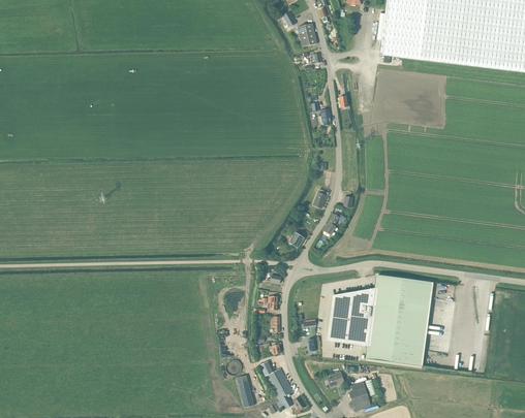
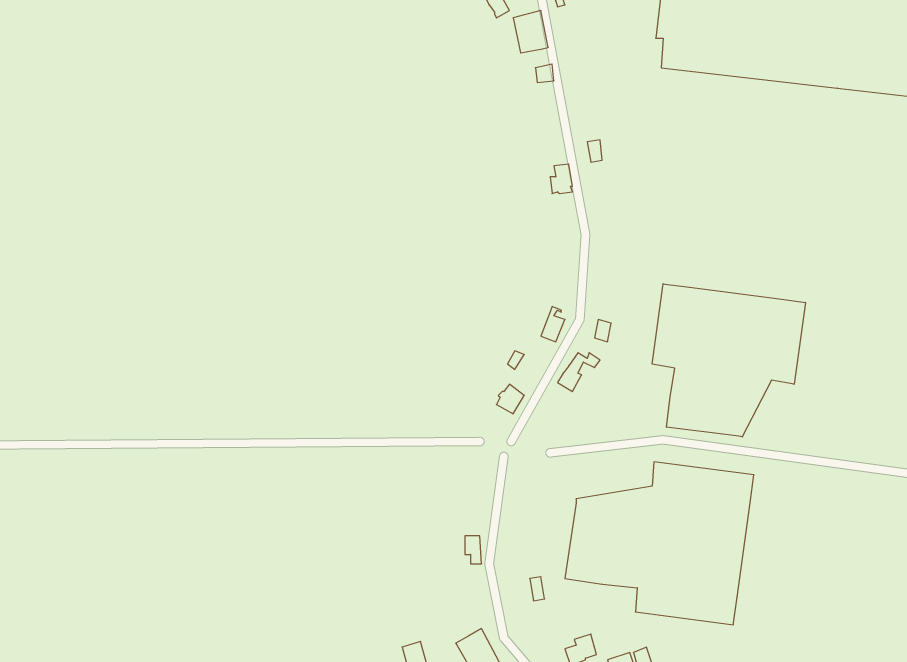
building: none -> [652,284,805,437]

